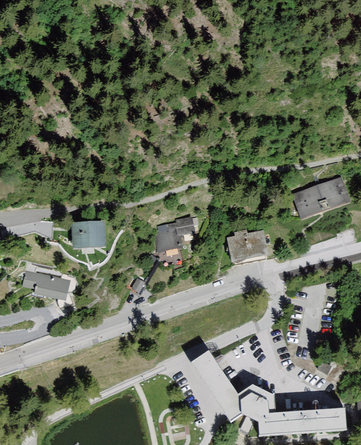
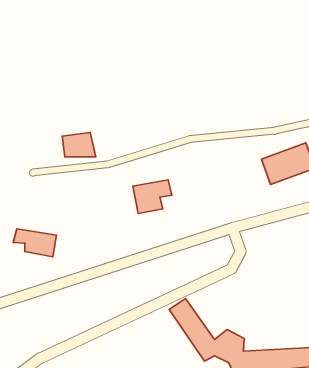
building: [73,223,110,250] -> [62,132,96,157]
building: [226,231,268,264] -> none

